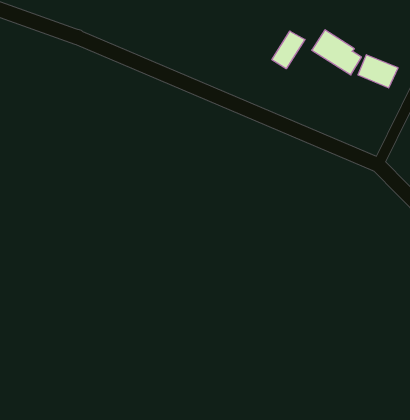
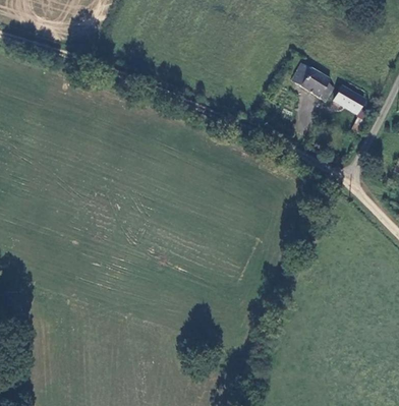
building: [272,31,305,69] -> none

